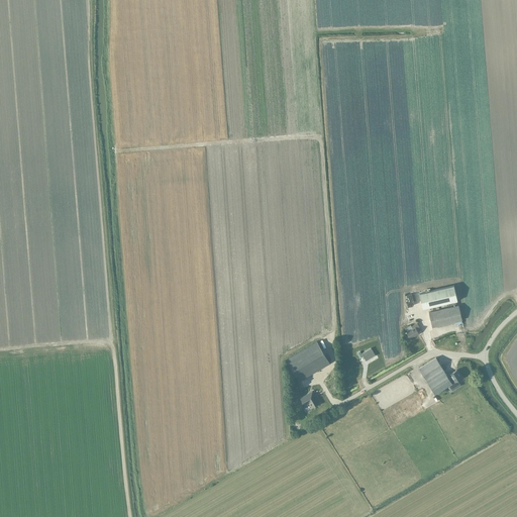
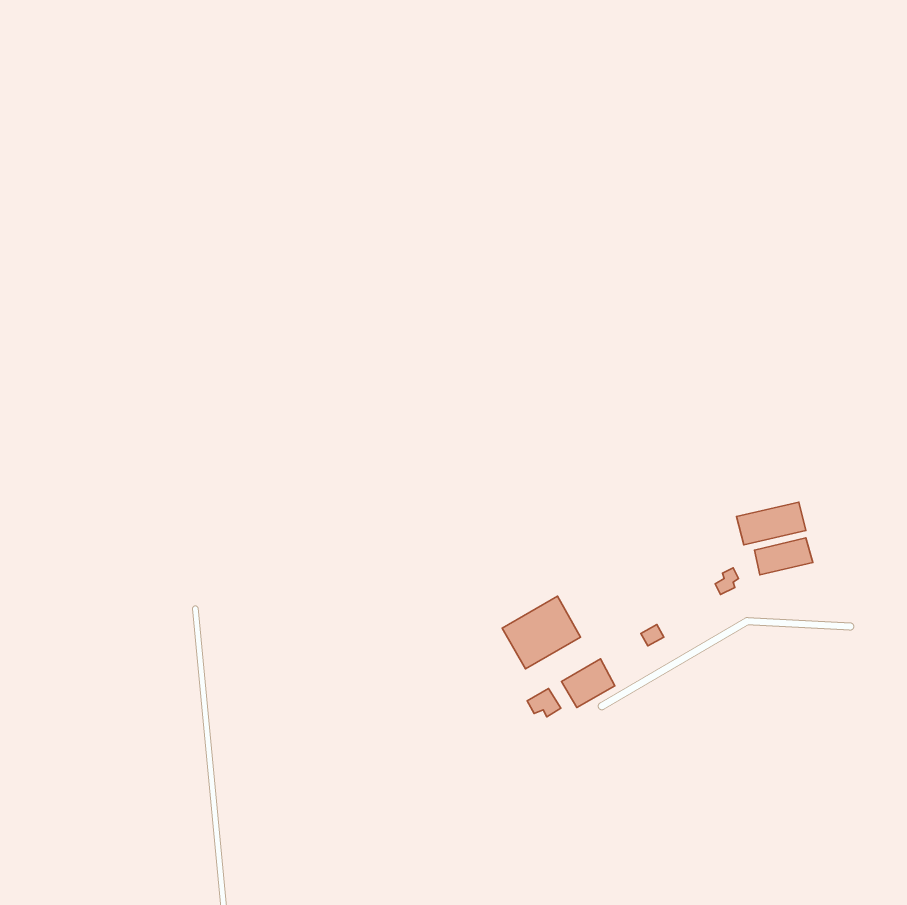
building: [419,358,461,395] -> none
building: none -> [562,659,615,707]

